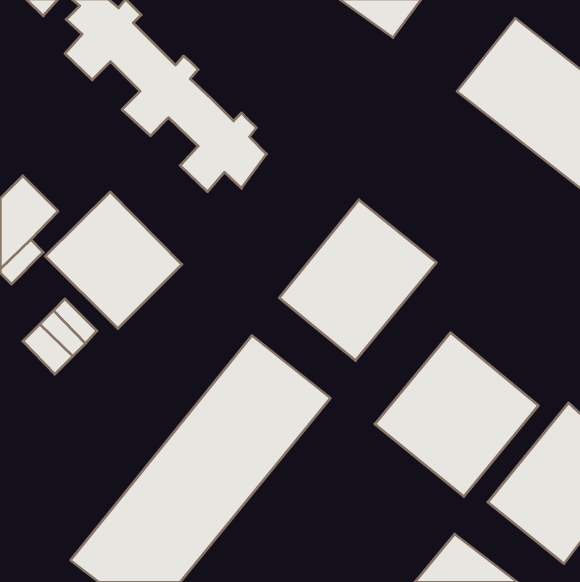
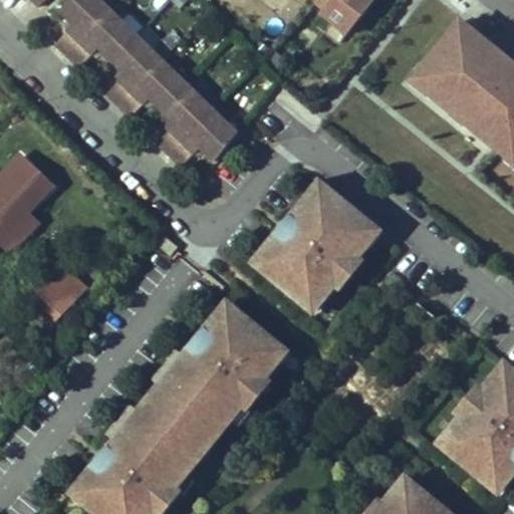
building: [45,192,182,329] -> none
building: [375,333,538,497] -> none

